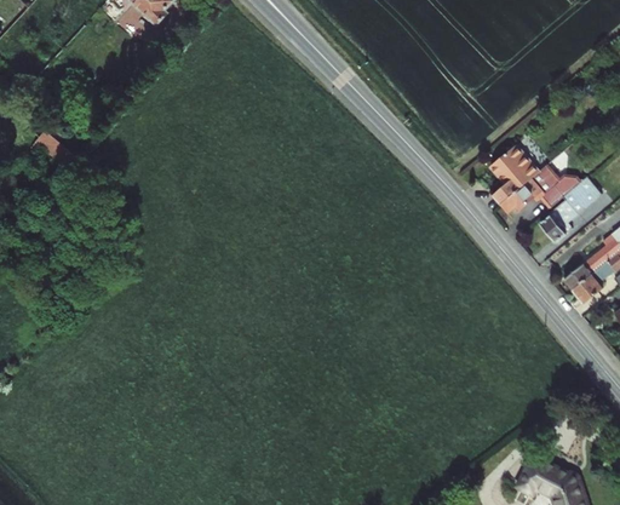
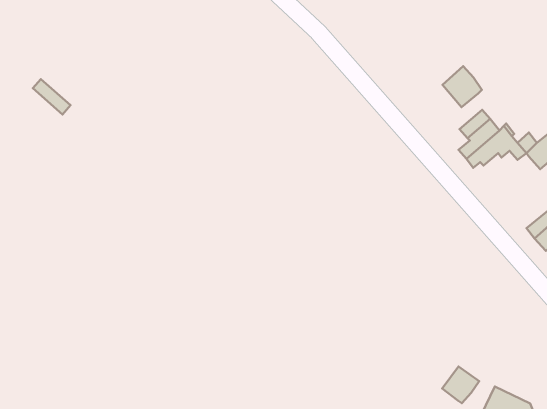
building: none -> [442,66,482,107]
building: [542,203,579,247] -> none
building: none -> [442,367,479,403]

